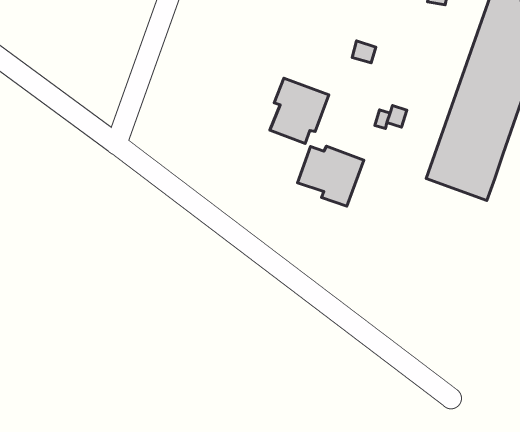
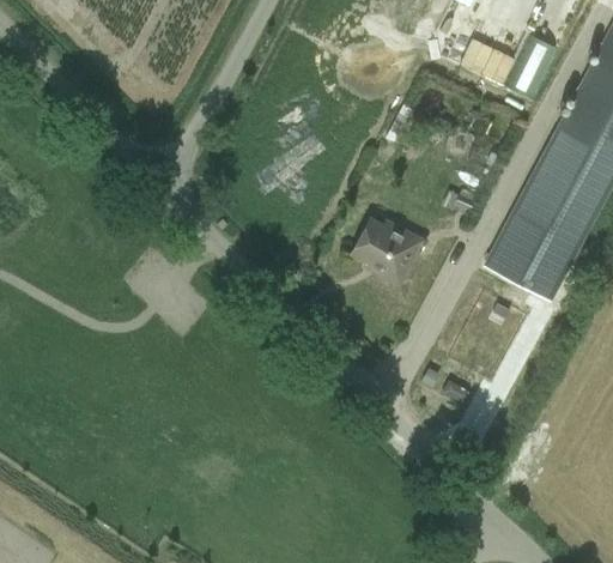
building: [270,78,329,144] -> none

